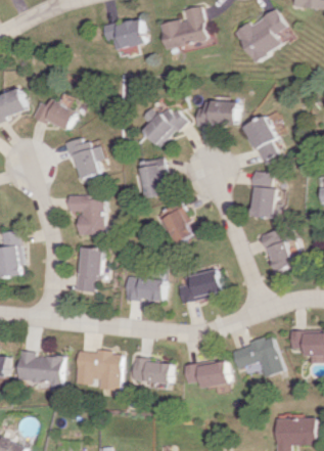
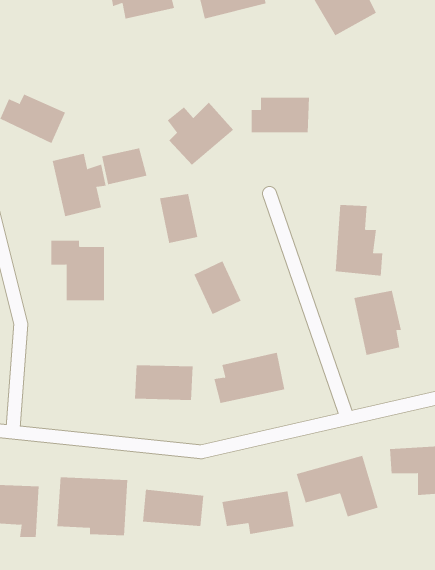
building: [245,116,283,162] -> none
building: none -> [102,148,147,185]
building: [73,246,103,292] -> none

